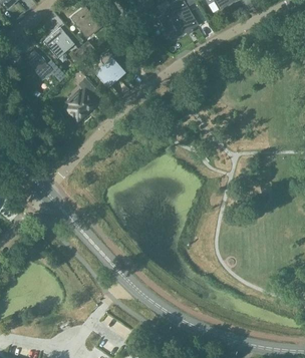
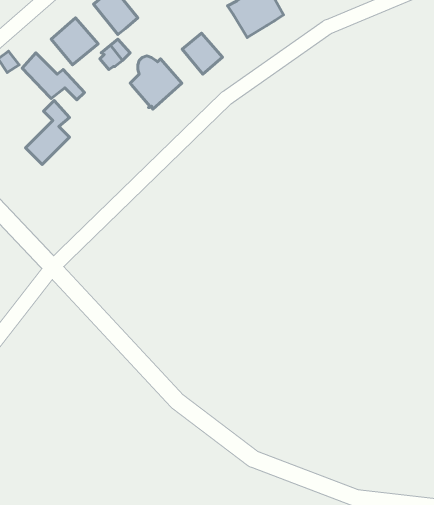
building: none -> [182,33,222,74]
building: [67,78,96,120] -> [25,101,69,164]

